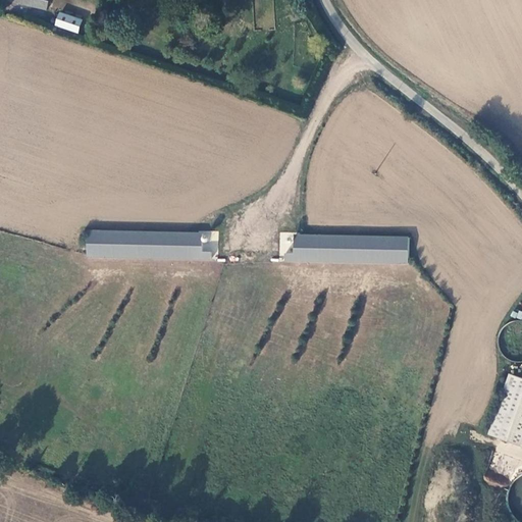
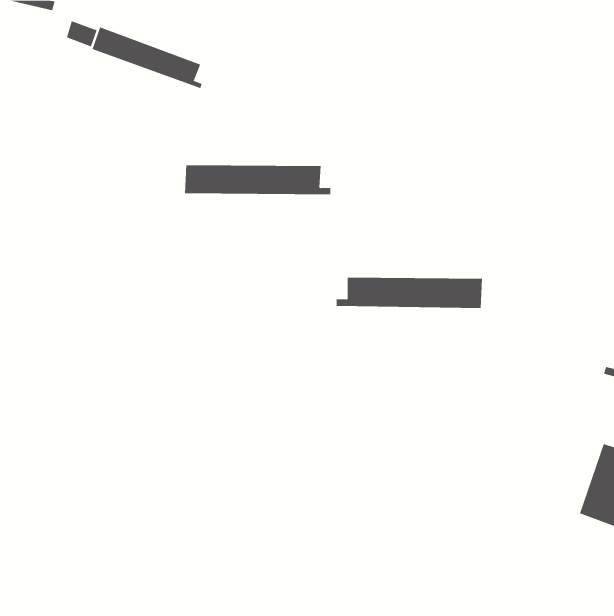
building: none -> [92,26,203,89]
building: [88,232,212,258] -> [184,165,331,195]

